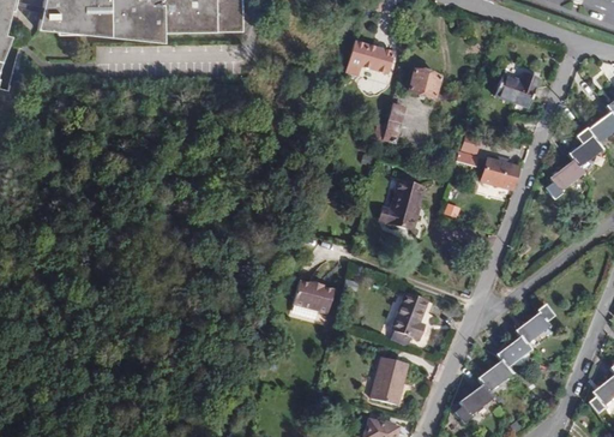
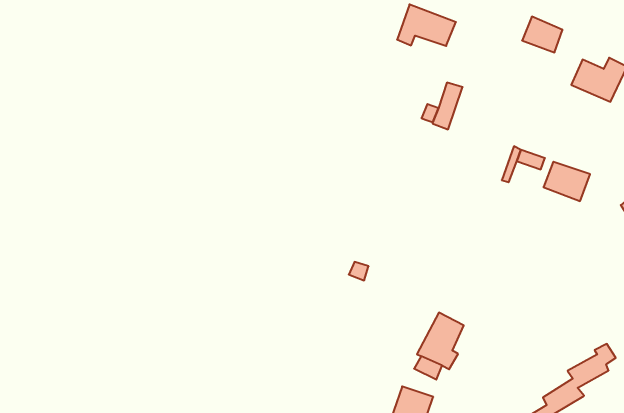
building: [408,68,440,96] -> [522,17,563,52]
building: [381,182,426,233] -> none
building: [293,281,335,315] -> none

